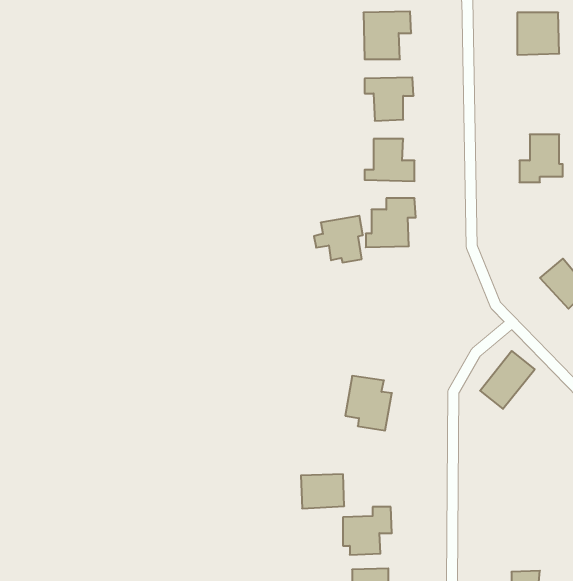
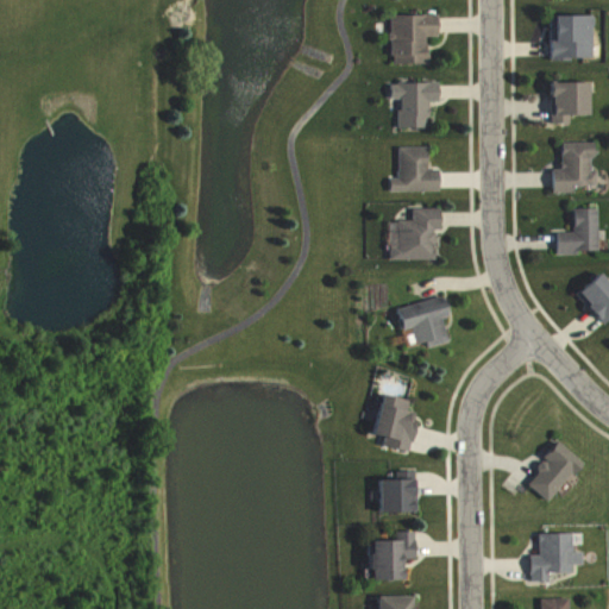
building: none -> [547,81,588,123]
building: none -> [555,207,599,253]
building: [314,216,363,262] -> [400,296,451,345]
building: [480,351,535,409] -> [526,441,583,502]
building: [301,474,344,508] -> [375,477,420,513]
building: none -> [532,533,585,580]

